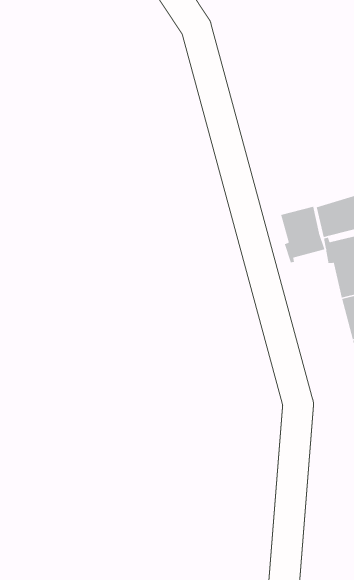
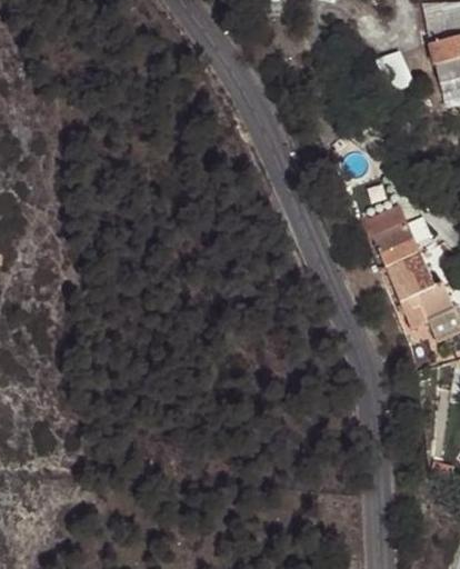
building: [280,206,325,263] -> none

